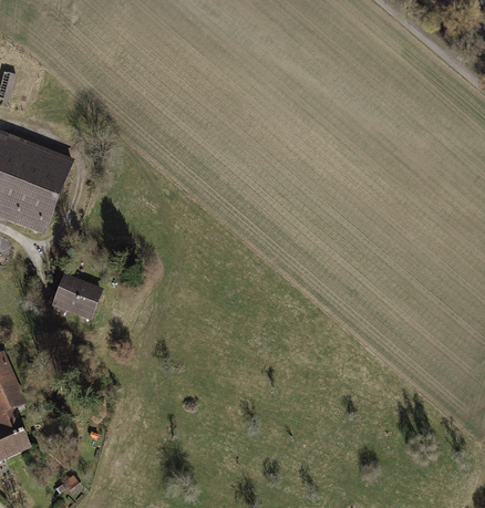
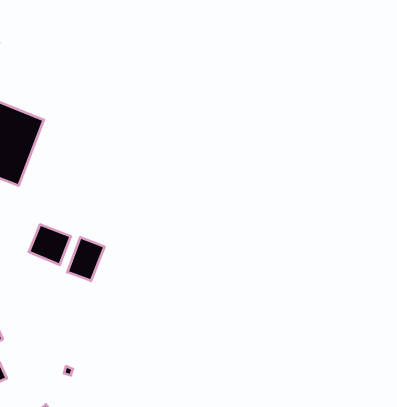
building: none -> [67,237,104,281]

